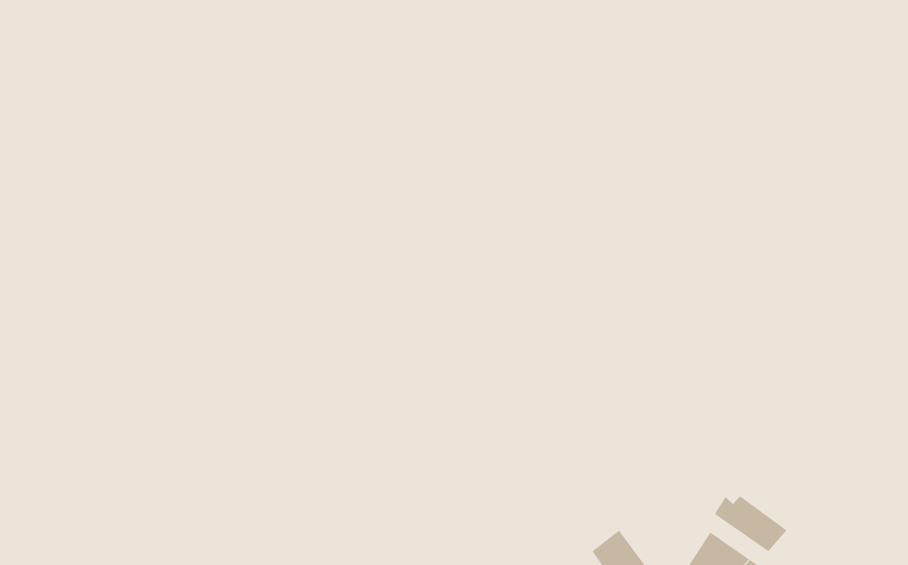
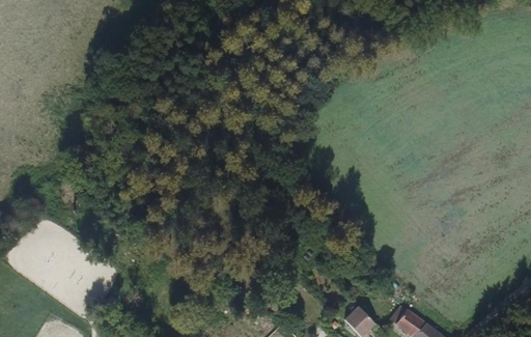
building: [714,495,787,552] -> none

